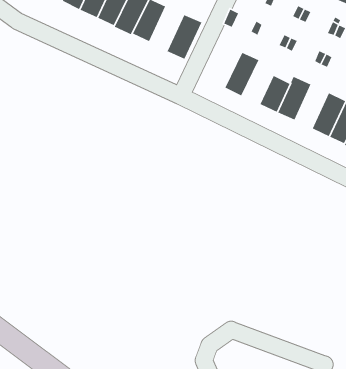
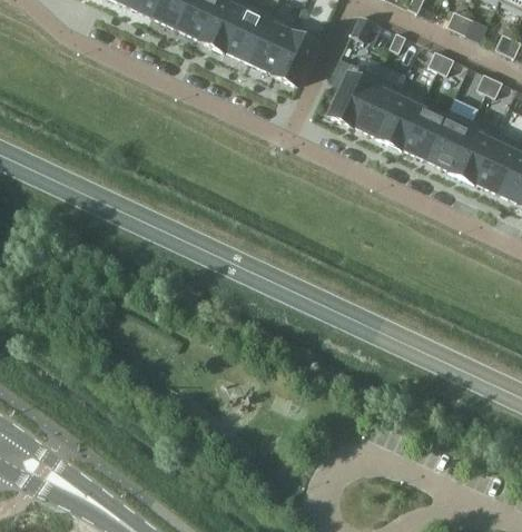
building: none -> [248,12,296,73]
building: none -> [327,63,376,128]
building: none -> [375,87,425,150]
building: none -> [447,120,496,184]

